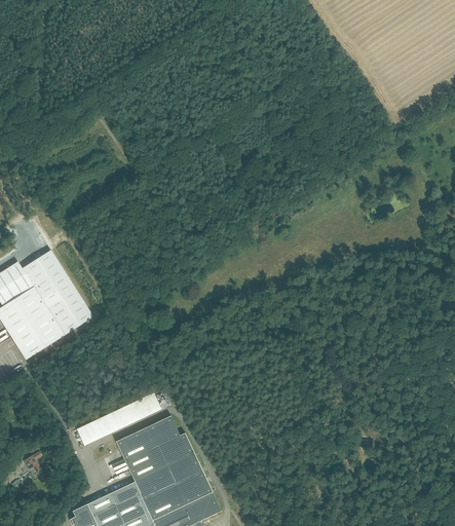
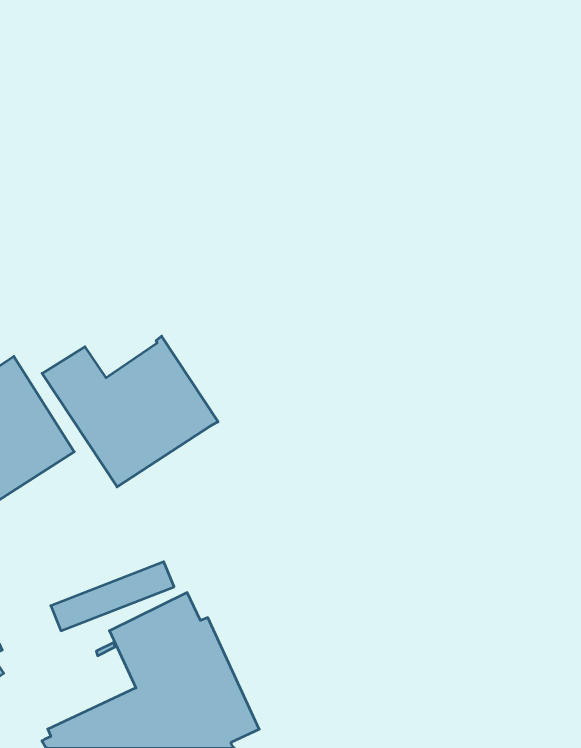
building: none -> [42,336,218,487]

